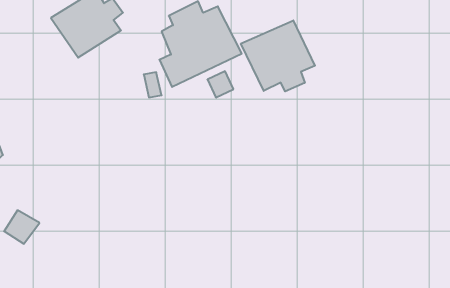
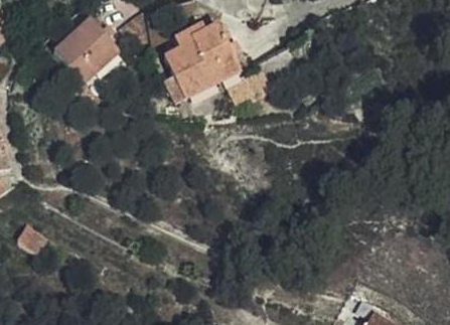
building: [241,20,315,91] -> none

